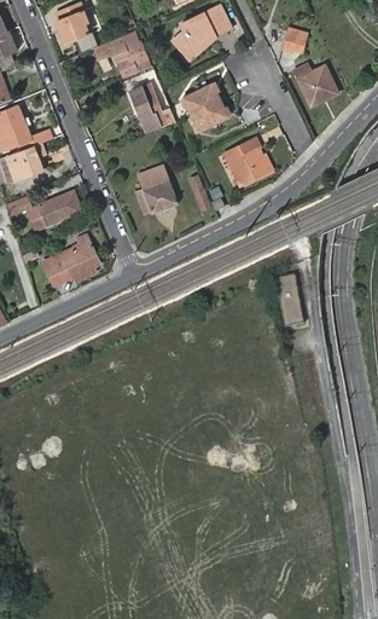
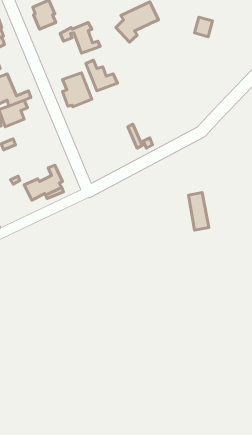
building: [293,64,338,108] -> none
building: [182,86,227,132] -> none
building: [222,138,268,185] -> none
building: [135,167,176,215] -> [63,73,92,107]
building: [31,192,82,228] -> none

